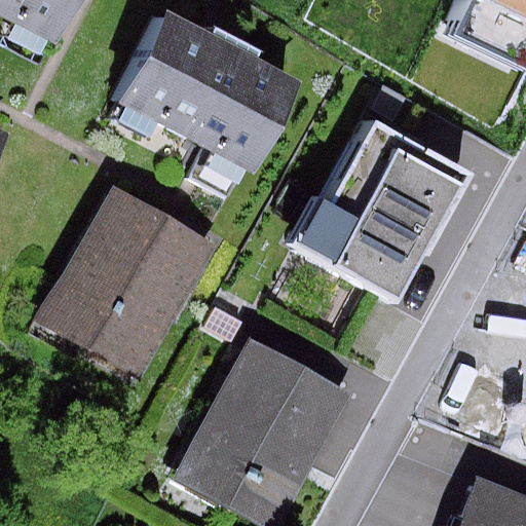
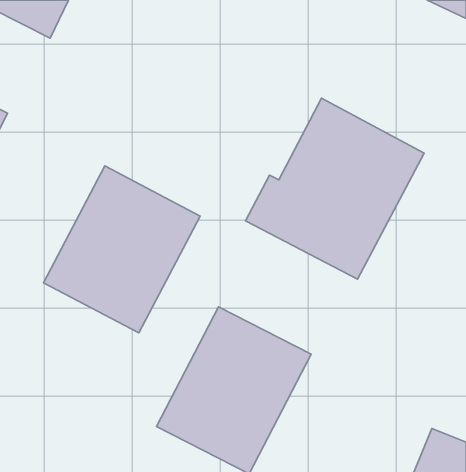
building: [118,10,300,171] -> none

